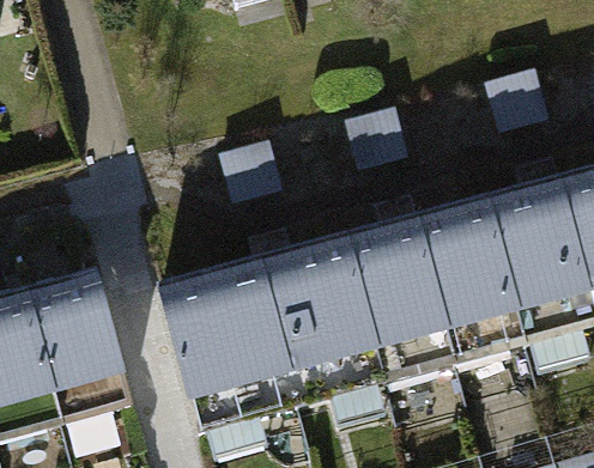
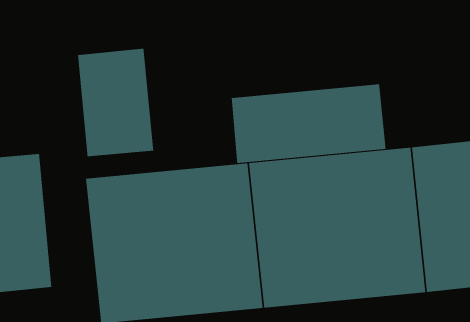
building: none -> [231,84,386,164]
building: none -> [78,48,154,157]

